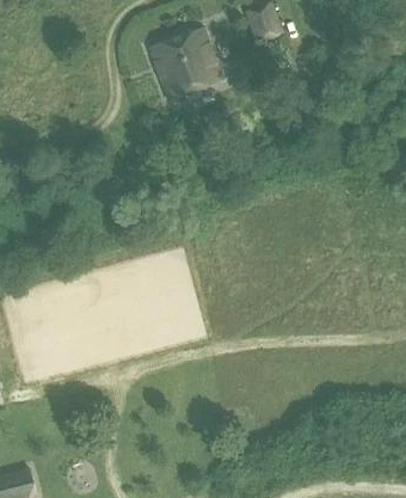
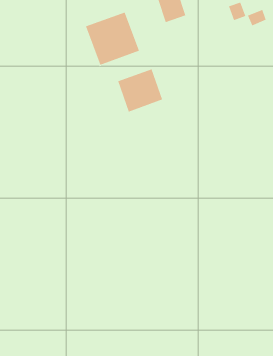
building: none -> [117,68,163,112]

